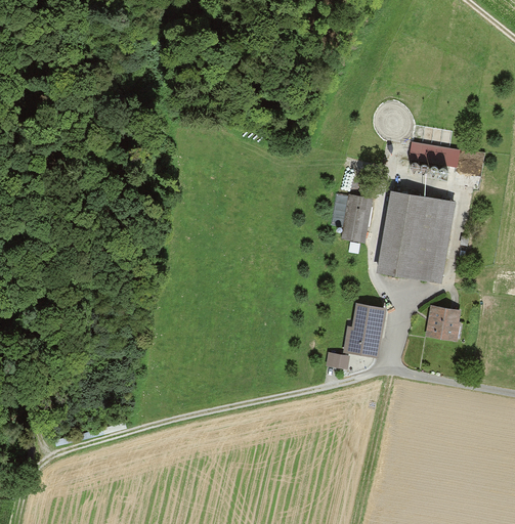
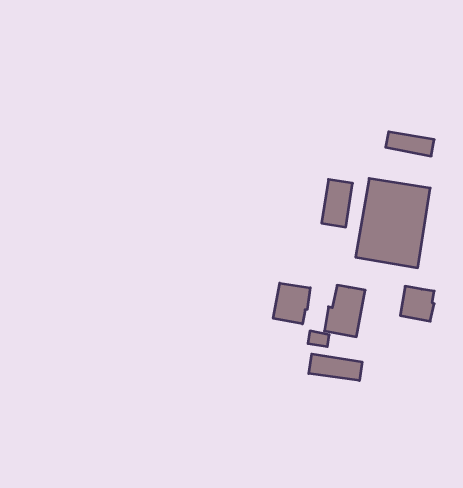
building: none -> [273,283,310,324]
building: none -> [309,354,362,381]

